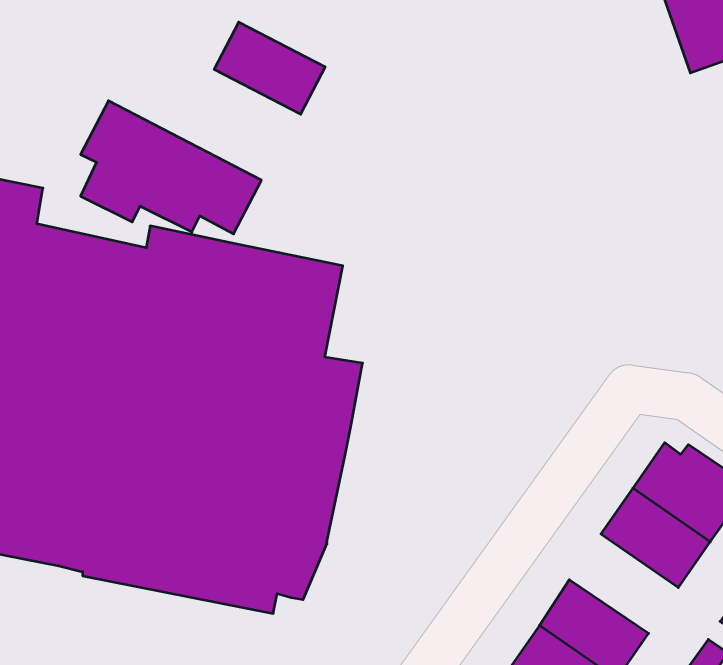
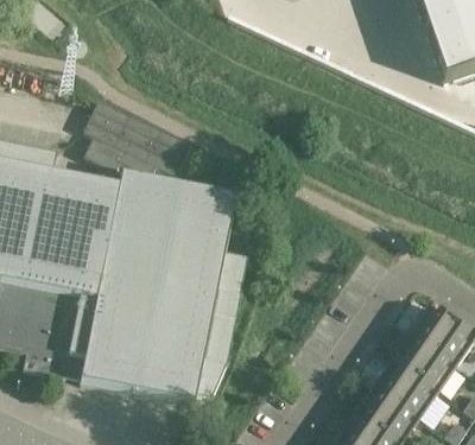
building: [214,22,325,114] -> none
building: none -> [370,355,436,414]

